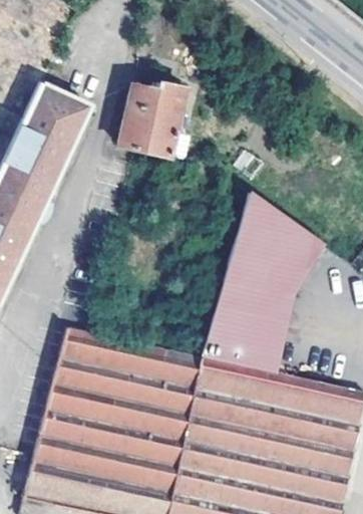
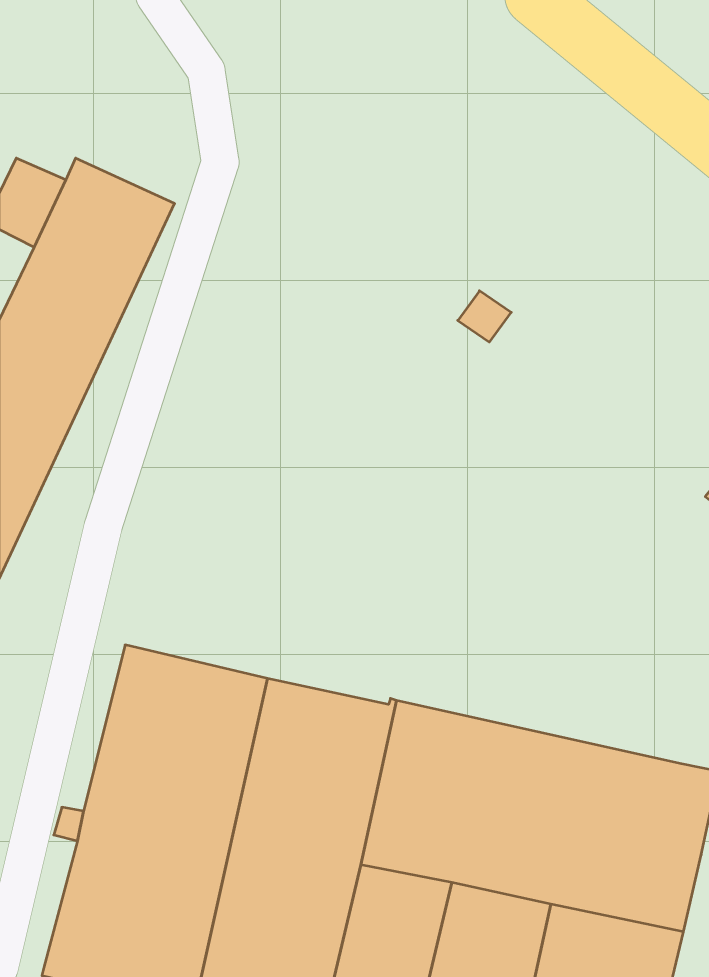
building: [116,81,187,157] -> none
building: [200,190,328,374] -> none

